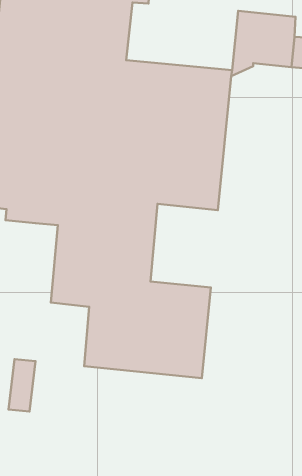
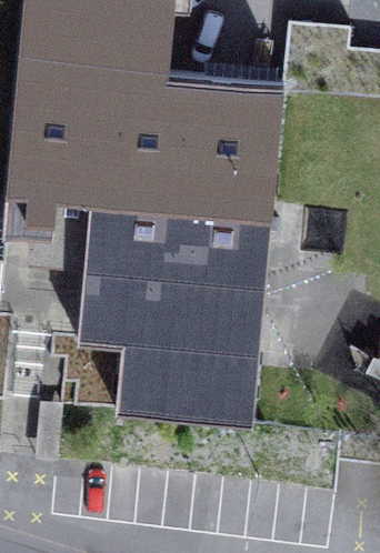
building: none -> [192,231,267,323]

